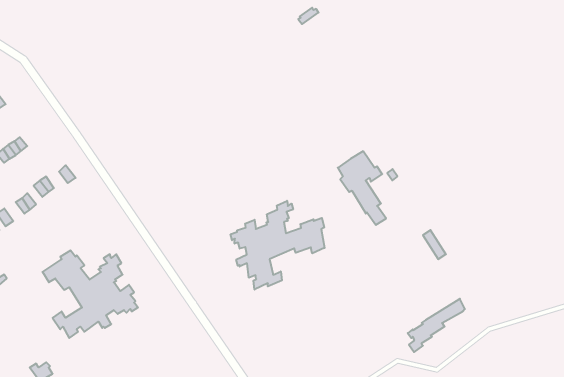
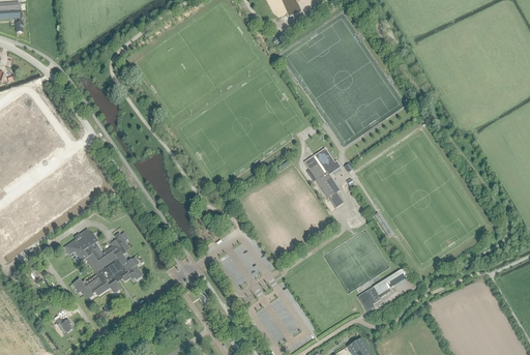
building: [231,201,325,290] -> none

